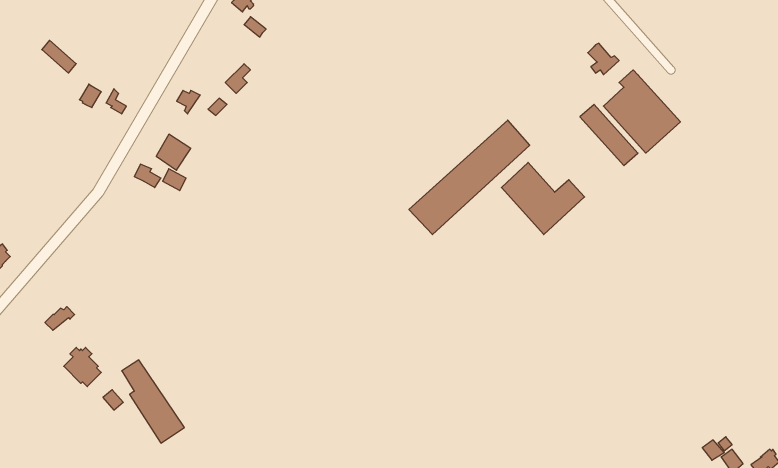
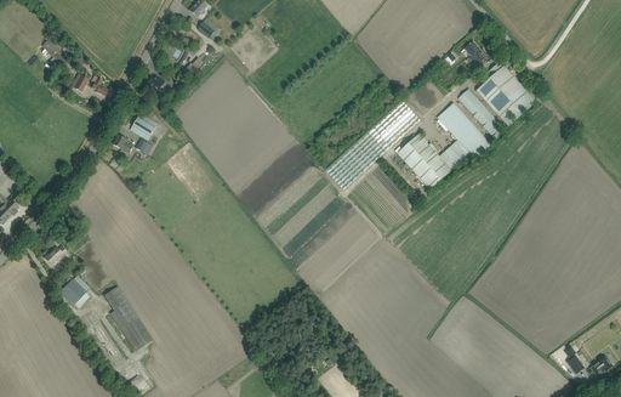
building: none -> [438,103,489,158]

